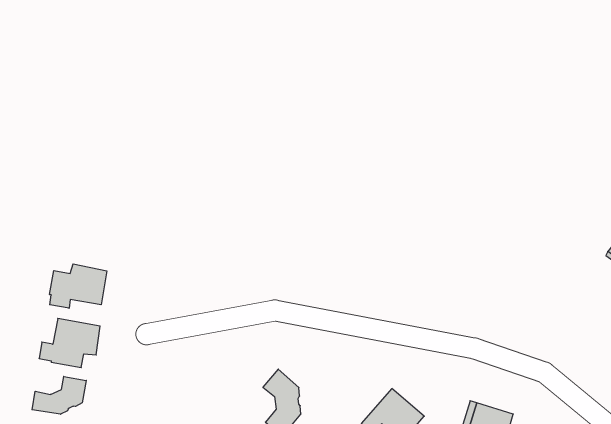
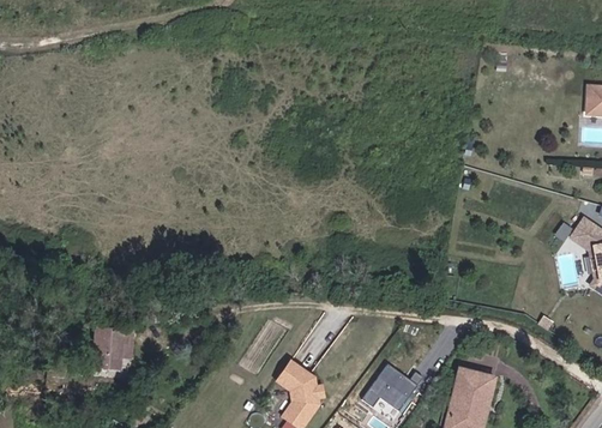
building: [50,264,107,308] -> none
building: [32,376,86,414] -> none

